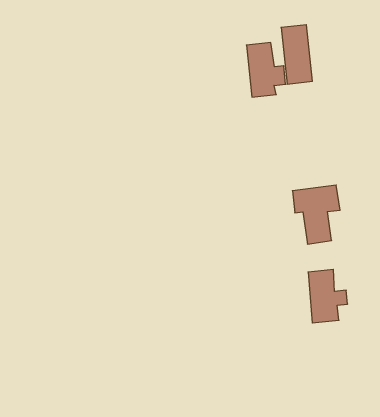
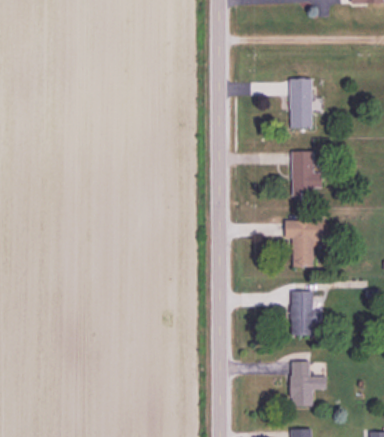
building: [246,43,286,97] -> [292,151,322,196]
building: none -> [291,361,327,406]

